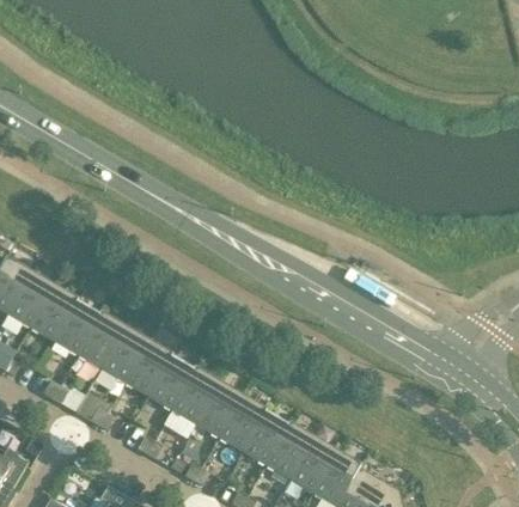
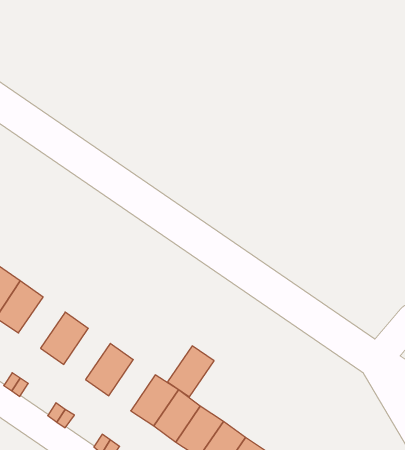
building: [93,326,138,377] -> none
building: [140,354,184,404] -> none
building: [187,381,231,432] -> [168,346,214,397]

